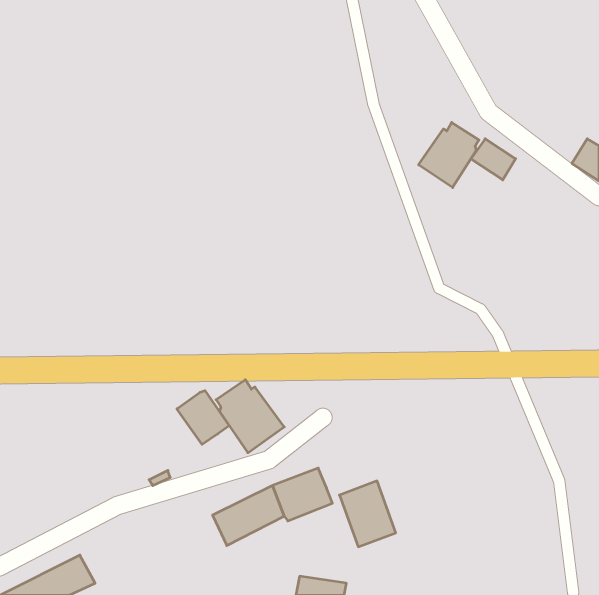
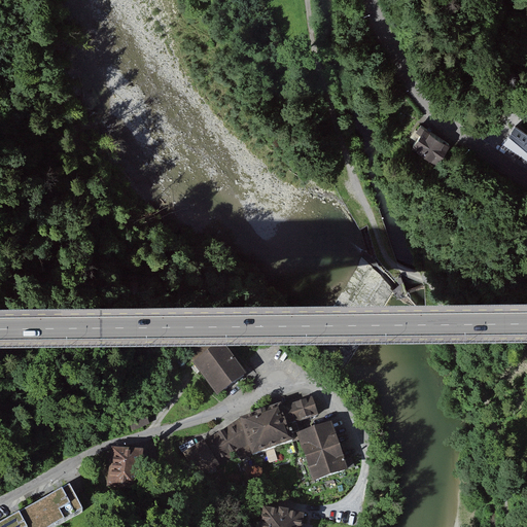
building: [419,122,479,188] -> none
building: [177,391,229,444] -> none
building: none -> [279,396,318,427]
building: none -> [106,445,143,488]

